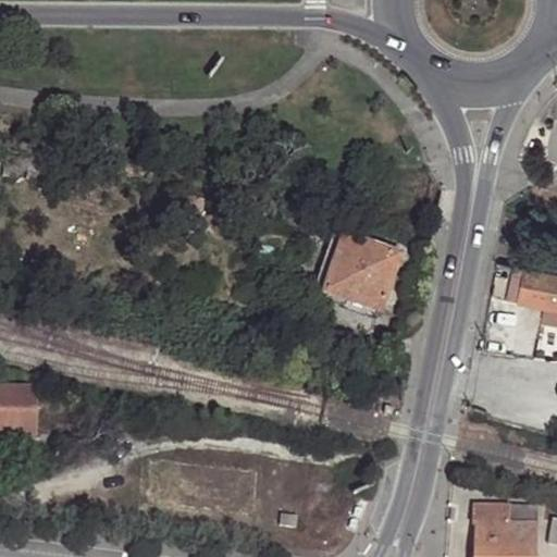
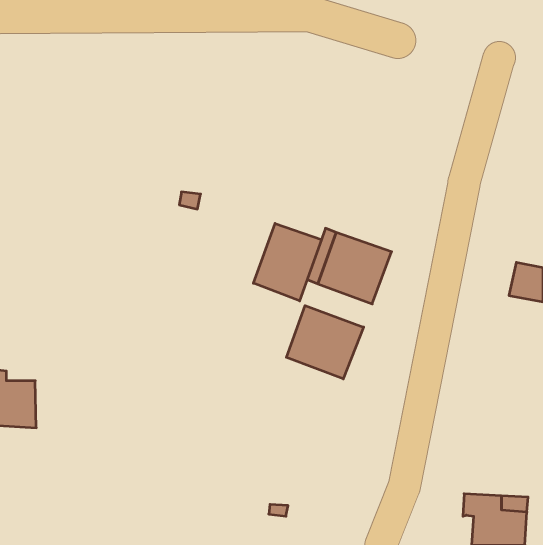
building: none -> [253,223,321,301]
building: none -> [286,306,364,379]

